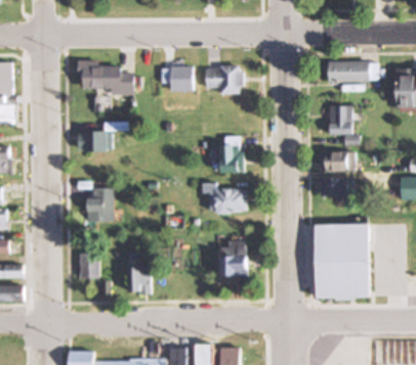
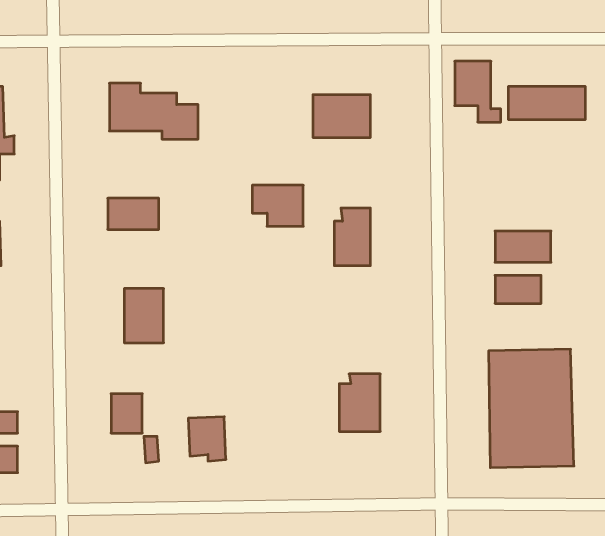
building: [161,66,193,92] -> [252,185,303,226]
building: [329,106,358,144] -> [455,61,501,122]
building: [211,189,247,212] -> none

